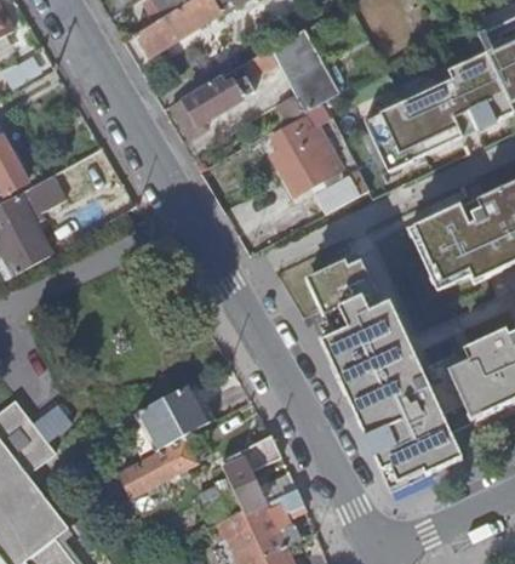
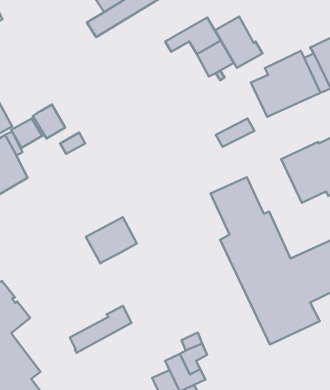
building: [172,80,236,136] -> none
building: [274,116,341,189] -> [215,16,262,68]
building: none -> [33,104,65,138]
building: [138,384,210,450] -> [86,217,137,263]
building: [222,435,277,513] -> none

